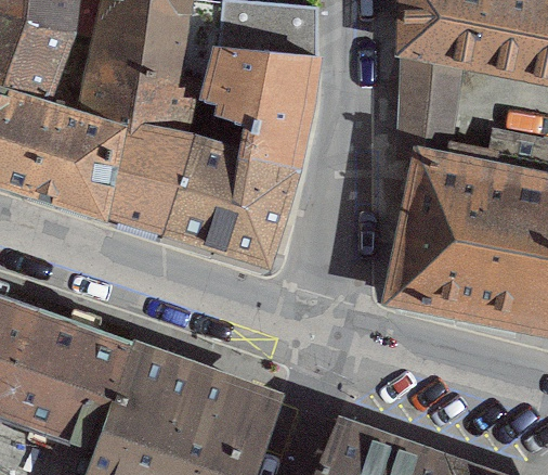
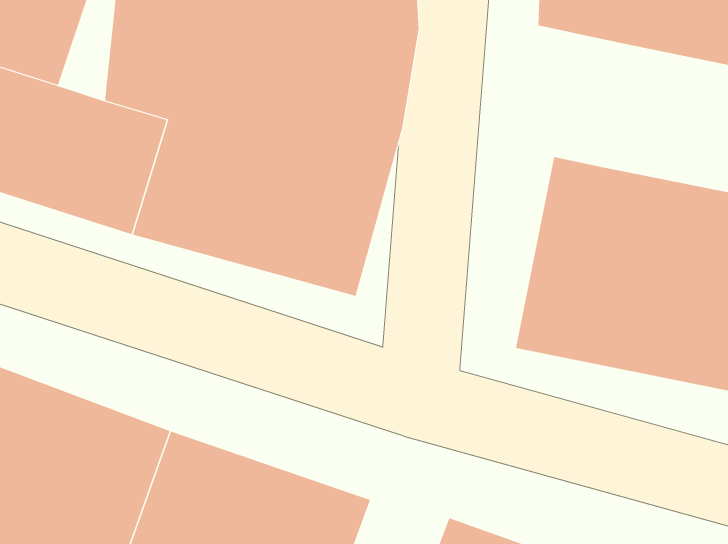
building: [397,53,464,157] -> none

